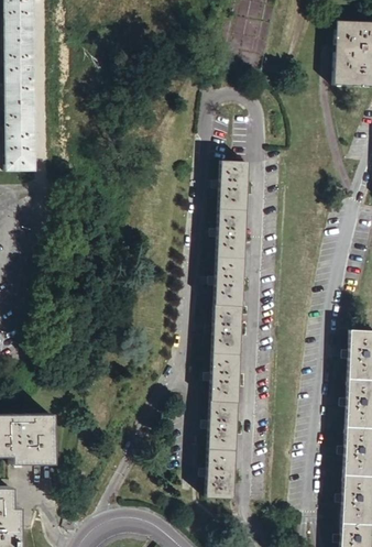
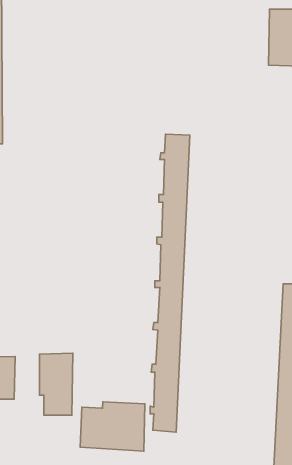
building: none -> [39,353,73,415]
building: none -> [80,402,145,451]

